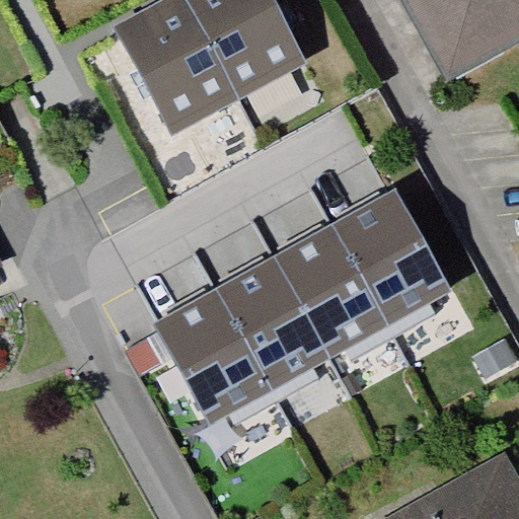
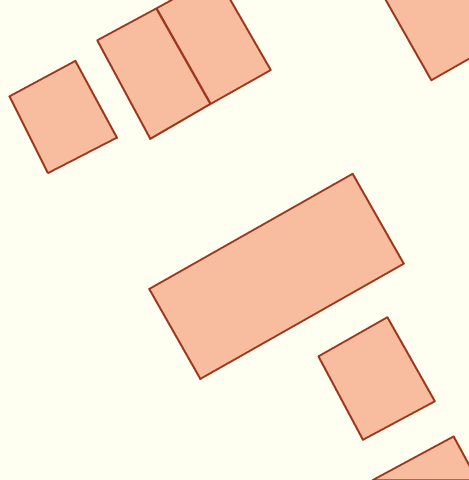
building: none -> [9,61,117,173]
building: none -> [319,317,435,440]

